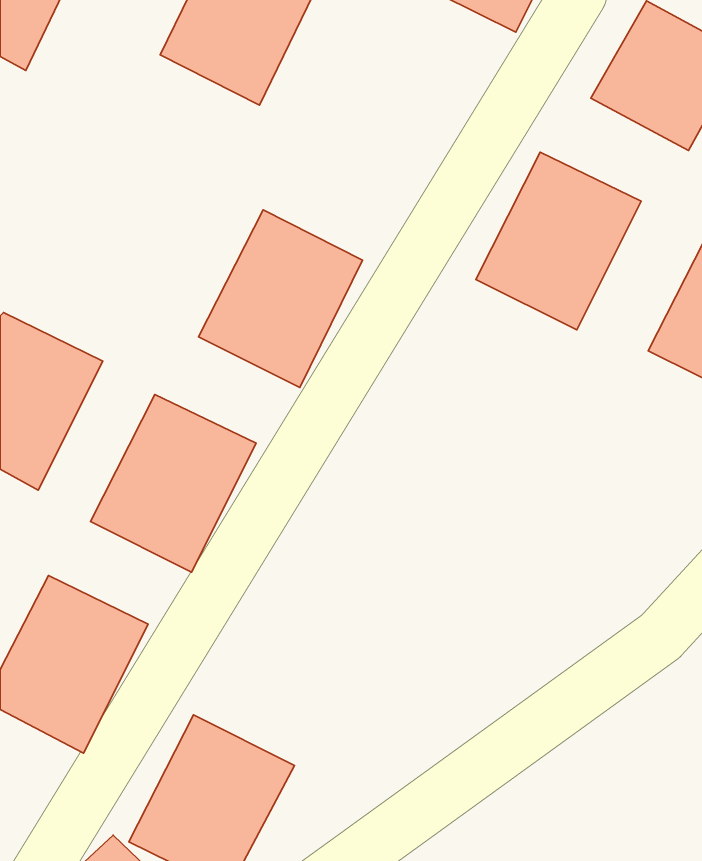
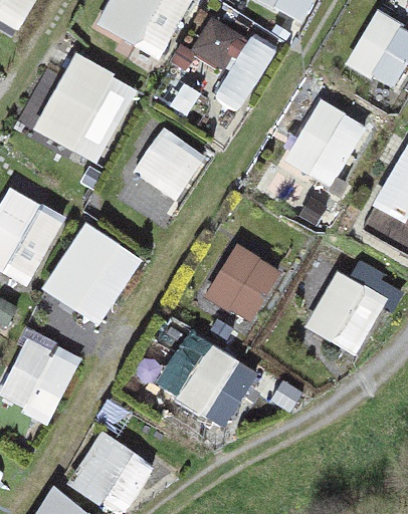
building: none -> [168,20,262,123]
building: none -> [34,58,129,161]
building: none -> [200,236,286,323]
building: none -> [302,269,390,355]
building: none -> [151,327,254,425]

